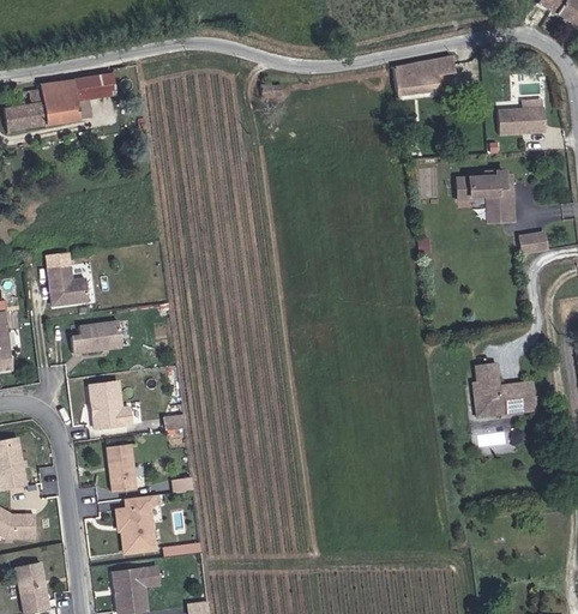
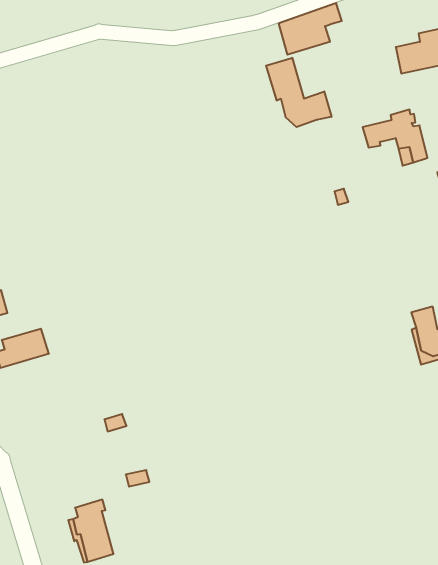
building: none -> [266,58,331,127]
building: [89,384,131,429] -> none
building: [106,445,136,493] -> none

